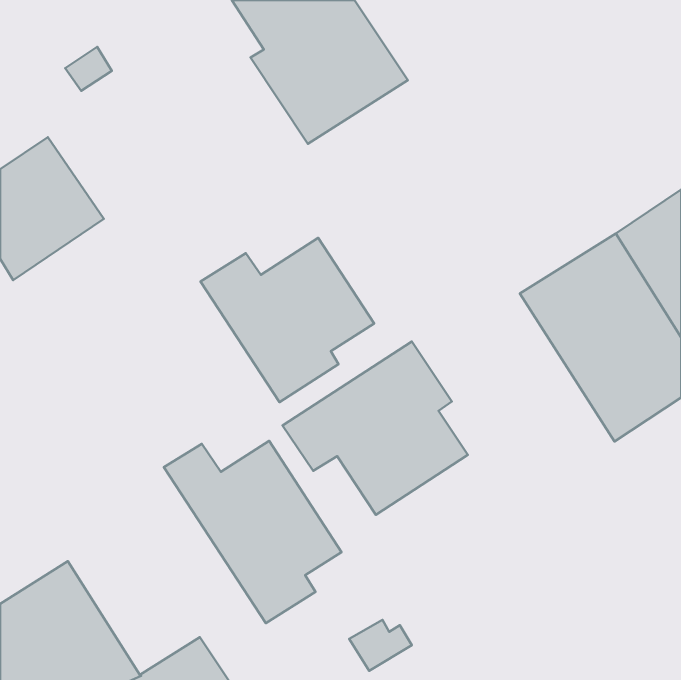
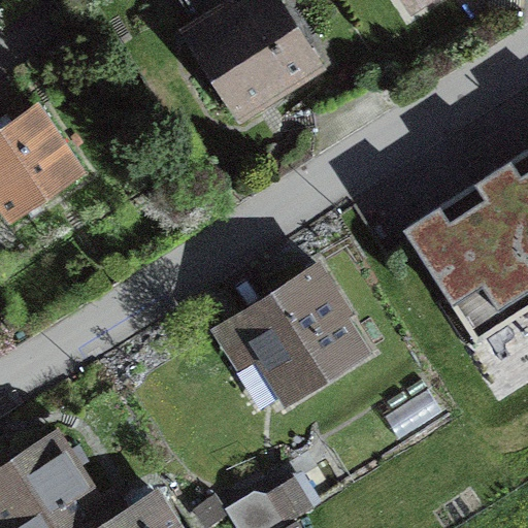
building: [201,238,374,402] -> none
building: [164,441,342,623] -> none

